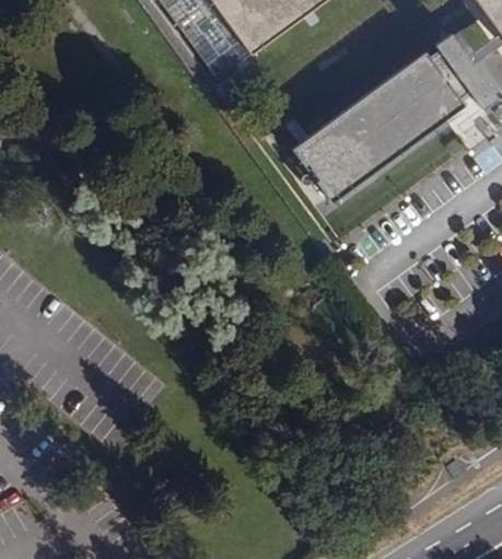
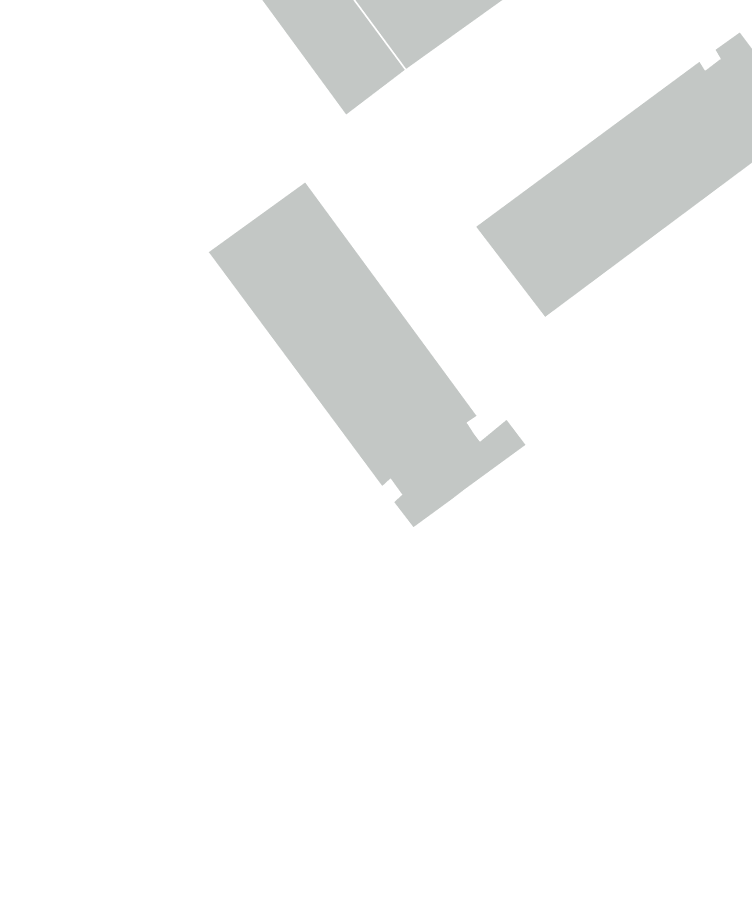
building: none -> [208,182,527,528]

